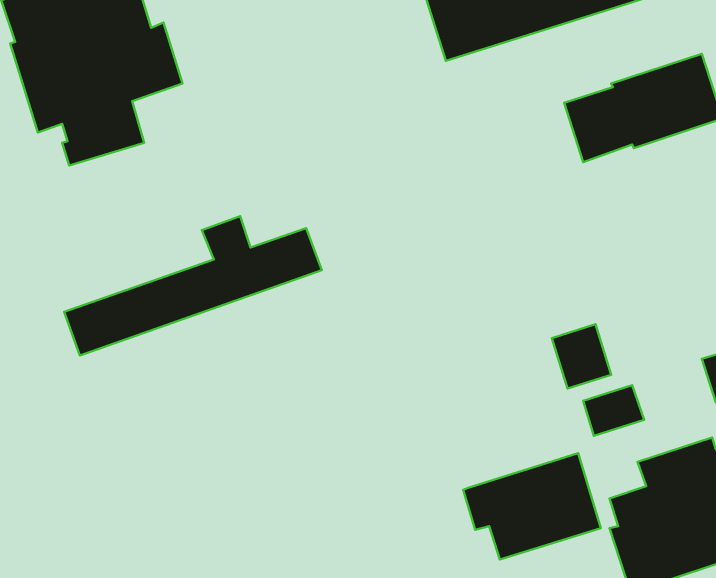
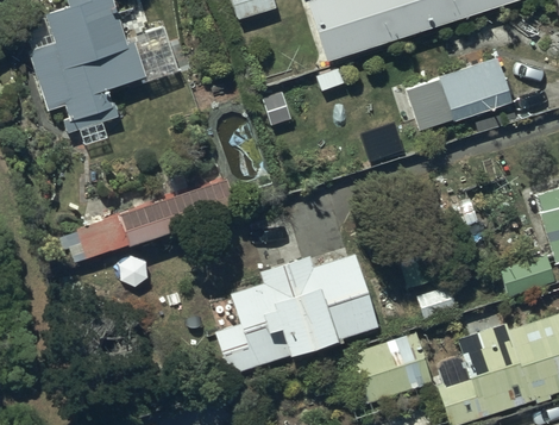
building: none -> [214,251,379,374]

